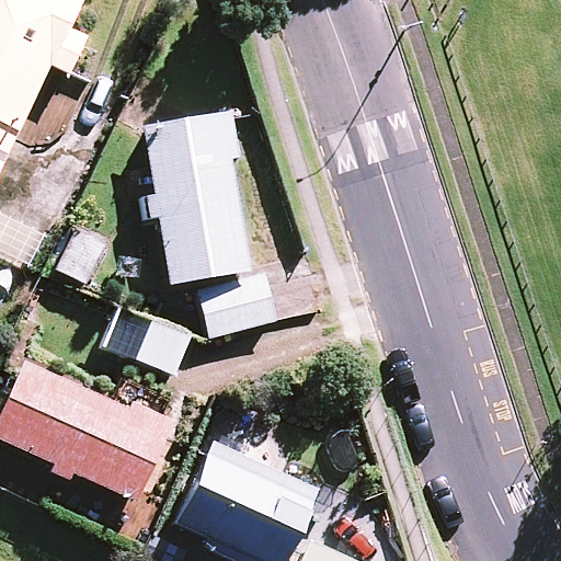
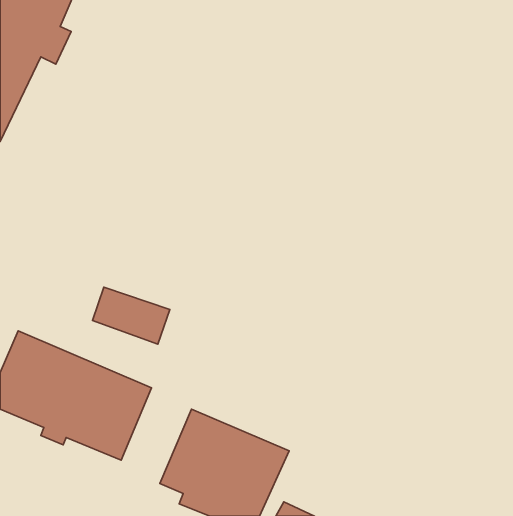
building: [142,113,275,333] -> none

